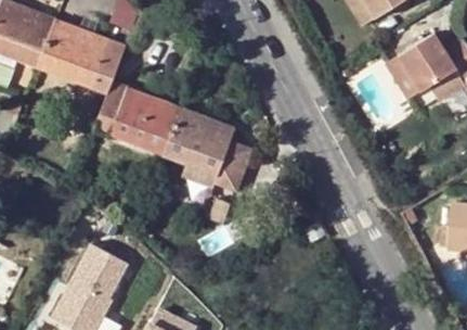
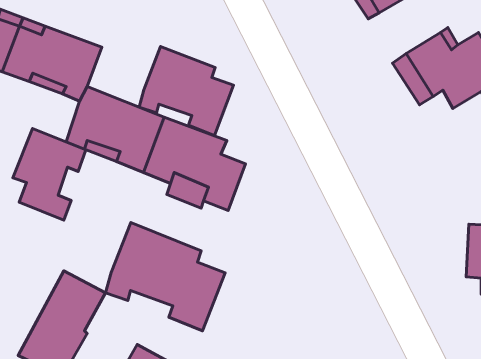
building: none -> [139,46,233,136]
building: none -> [13,129,86,220]
building: none -> [105,222,225,331]

